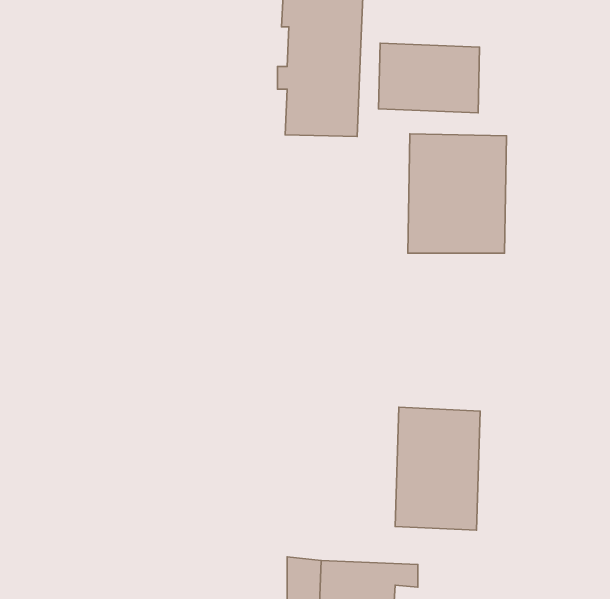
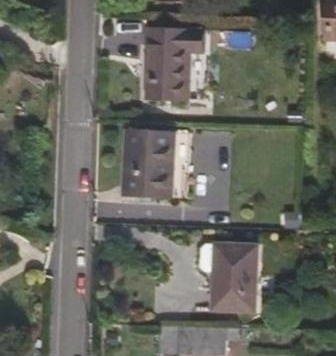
building: [378,43,480,113] -> none
building: [408,134,506,253] -> [119,132,171,195]

